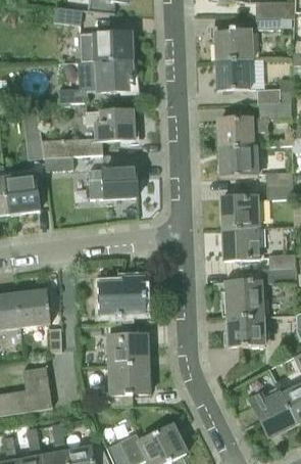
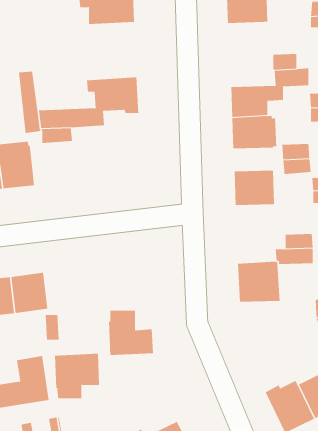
building: [57,59,132,102] -> none
building: [215,59,250,91] -> none
building: [95,168,137,197] -> none
building: [222,227,259,260] -> none
building: [98,277,147,315] -> none
building: [227,316,265,346] -> none
building: [107,364,149,406] -> [54,353,100,399]

